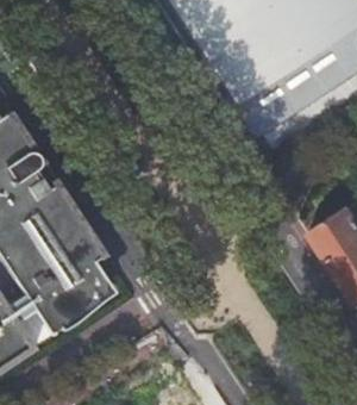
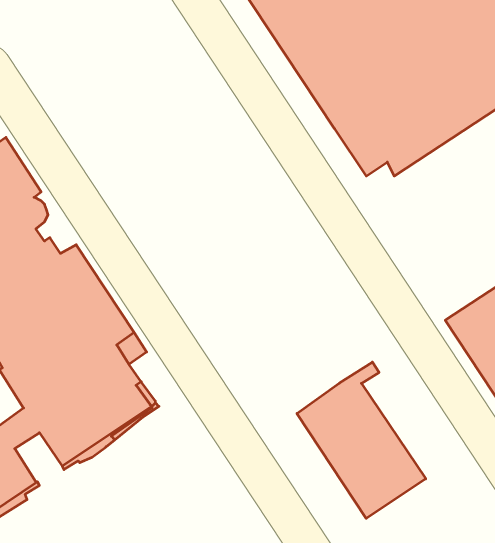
building: none -> [297,362,426,518]

